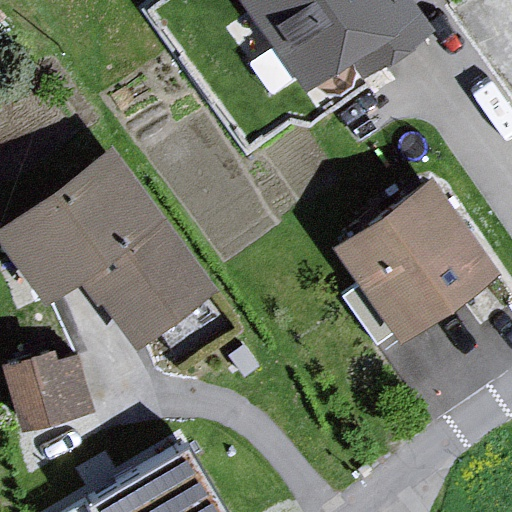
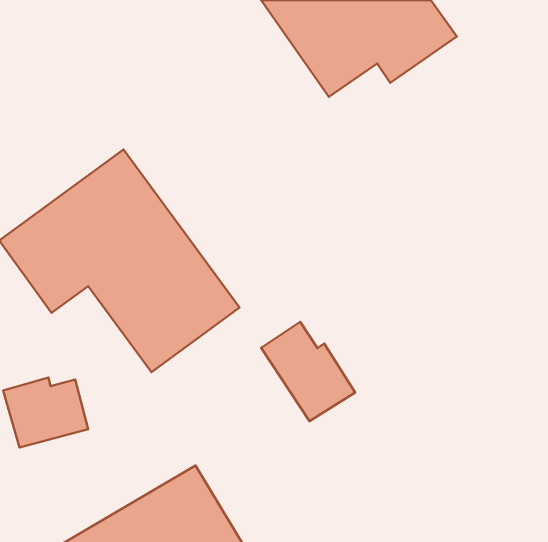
building: [319,183,486,349] -> none
building: none -> [261,322,355,421]

